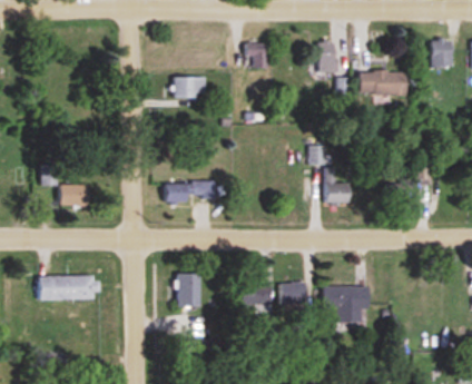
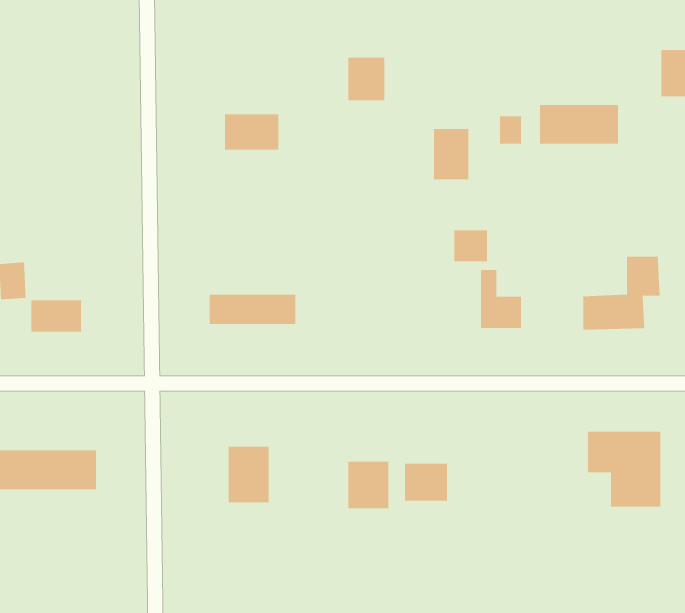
building: [315,42,336,72] -> [433,128,469,180]
building: [323,285,366,329] -> [587,431,661,507]

